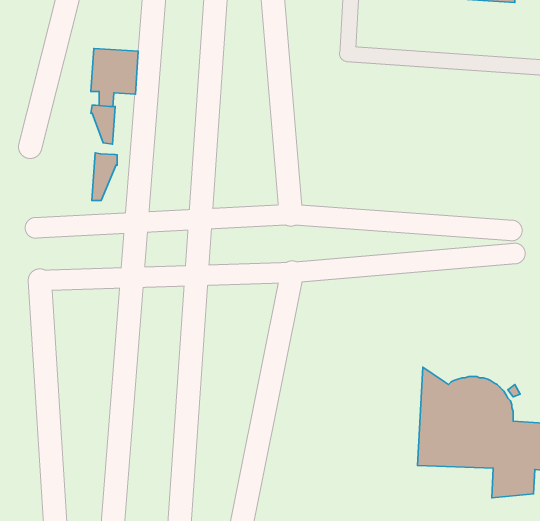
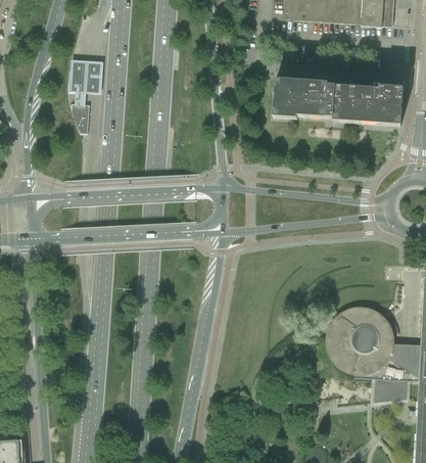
building: none -> [273,79,404,126]
building: [92,153,117,201] -> none

